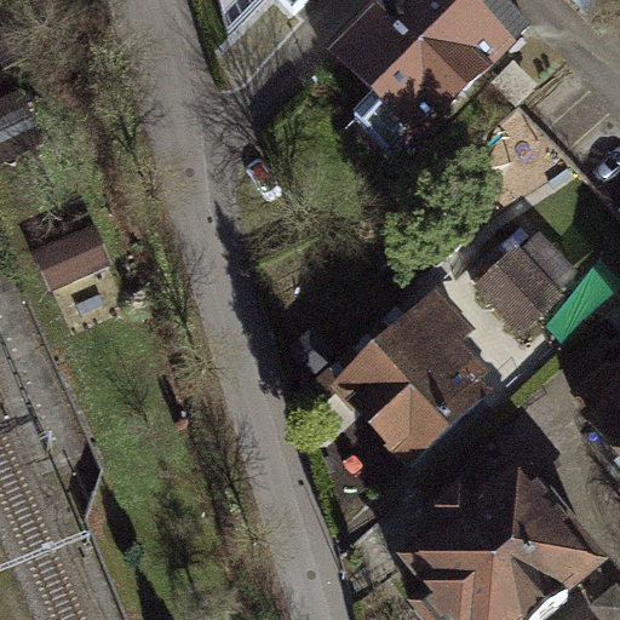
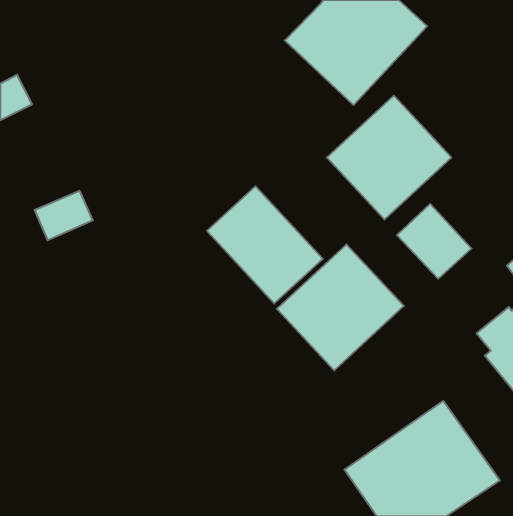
building: none -> [327,96,451,220]
building: none -> [207,186,323,304]

